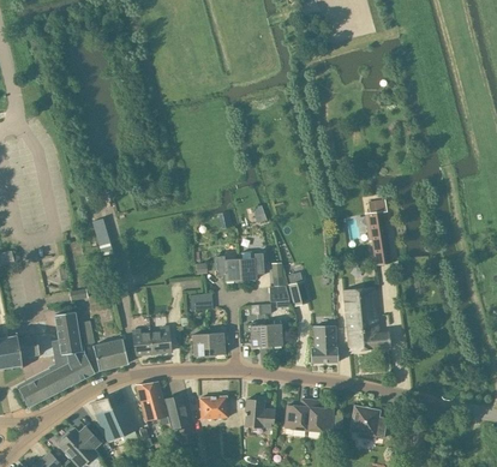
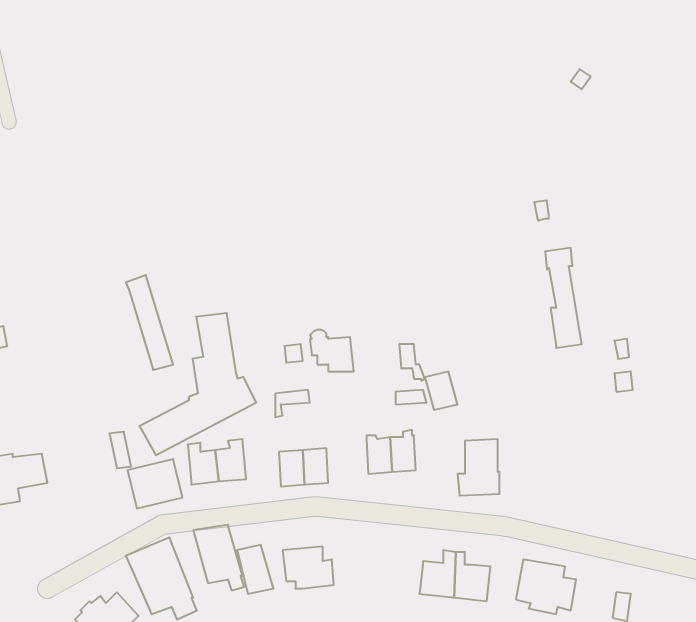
building: [239,251,264,281] -> none
building: [342,287,390,351] -> none
building: [17,312,94,406] -> [139,313,256,455]
building: [245,400,275,427] -> none

